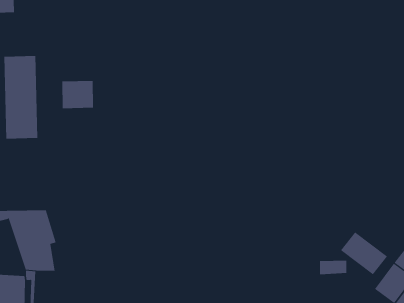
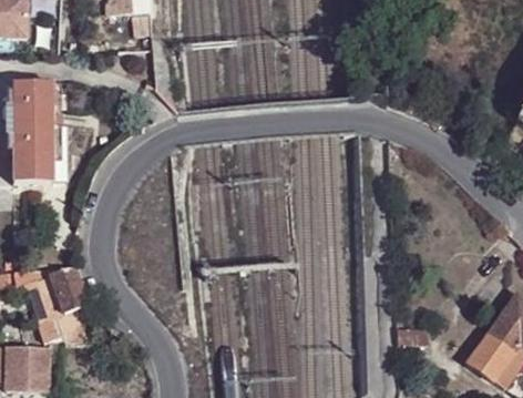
building: [62,80,94,109] -> none
building: [340,231,388,275] -> none

